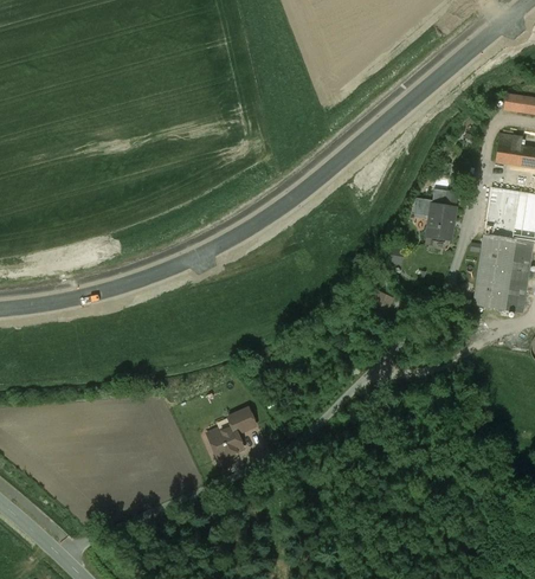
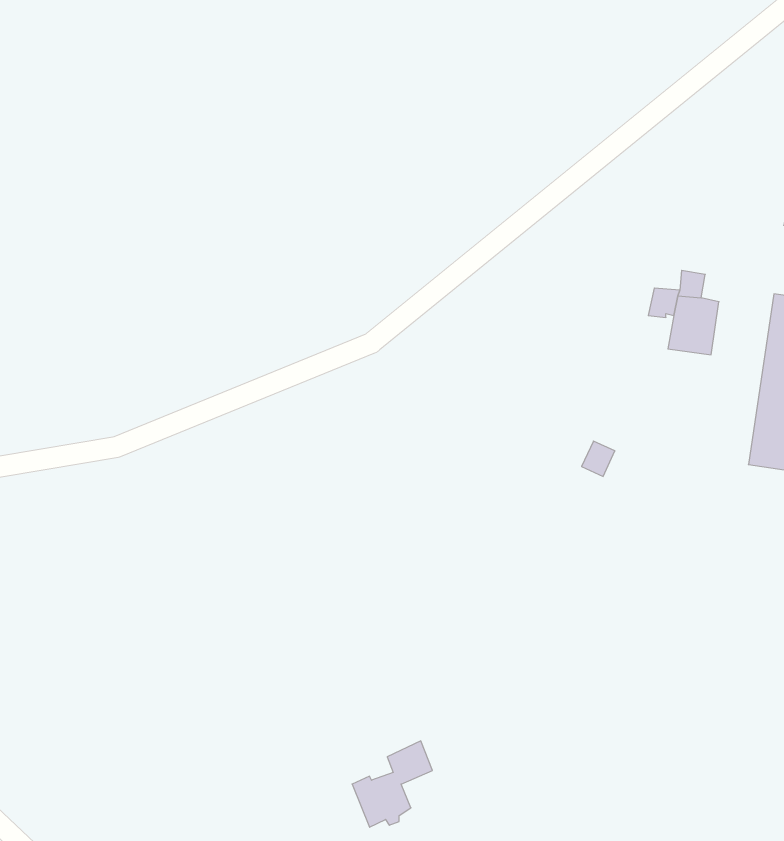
building: [207,407,256,459] -> [352,741,432,827]

